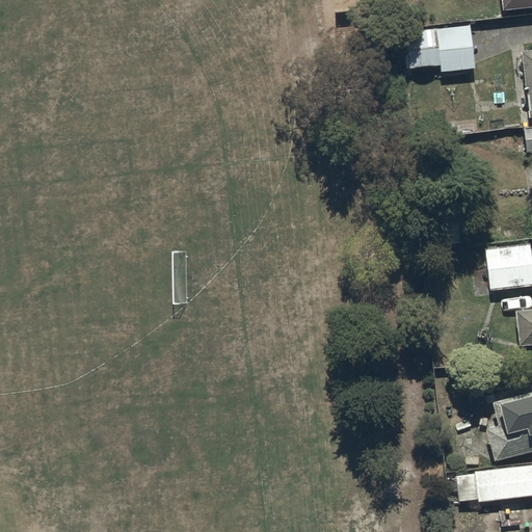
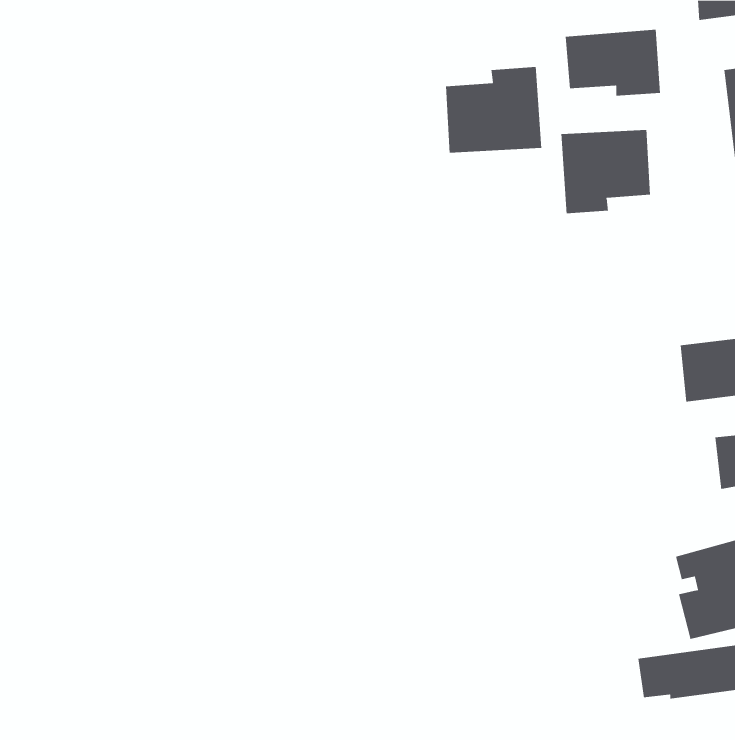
building: none -> [445,66,542,154]
building: none -> [561,129,651,214]

